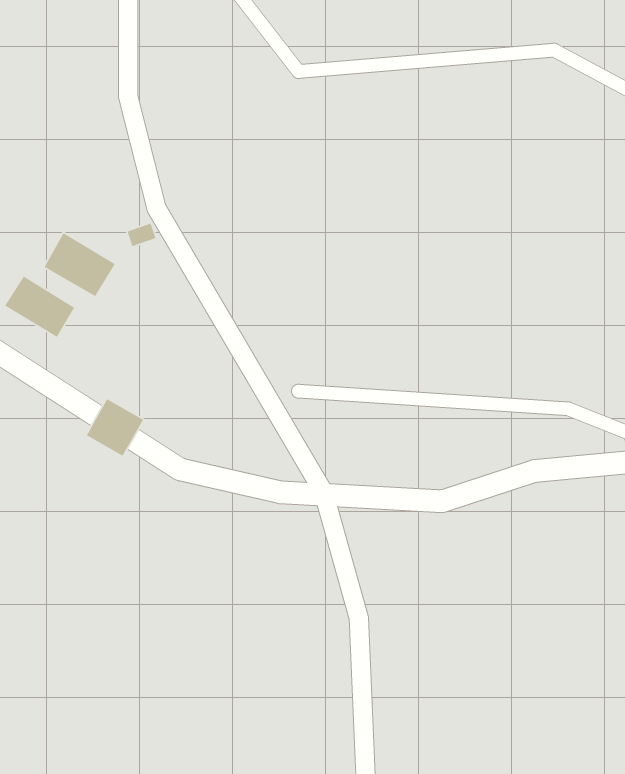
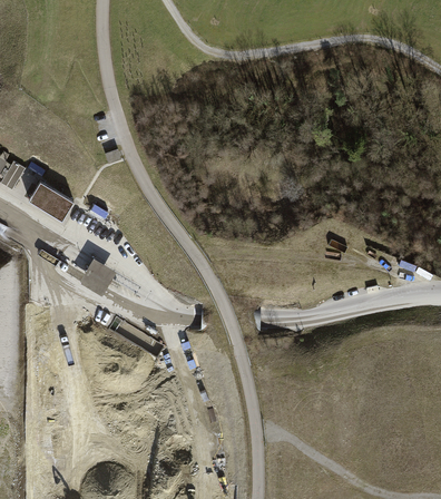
building: [43,232,116,297] -> none

